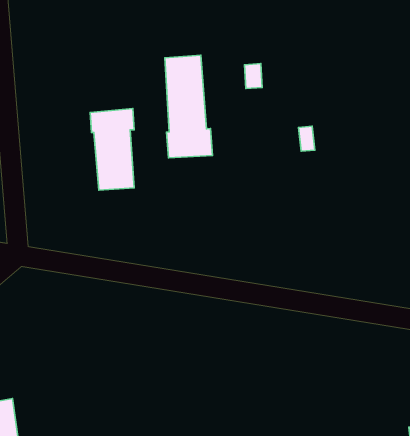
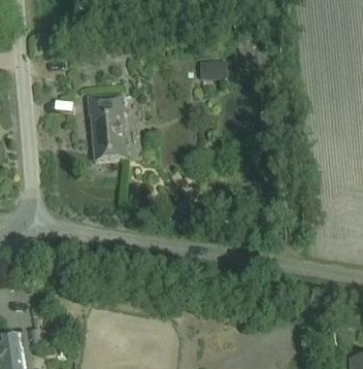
building: [165,55,213,158] -> none

